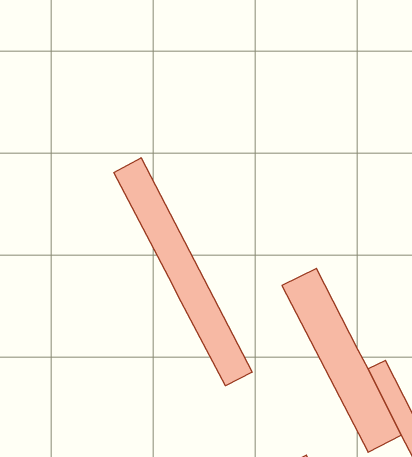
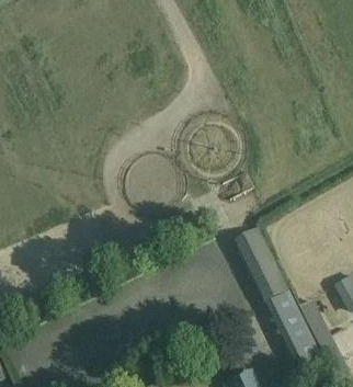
building: [114,158,252,386] -> none

